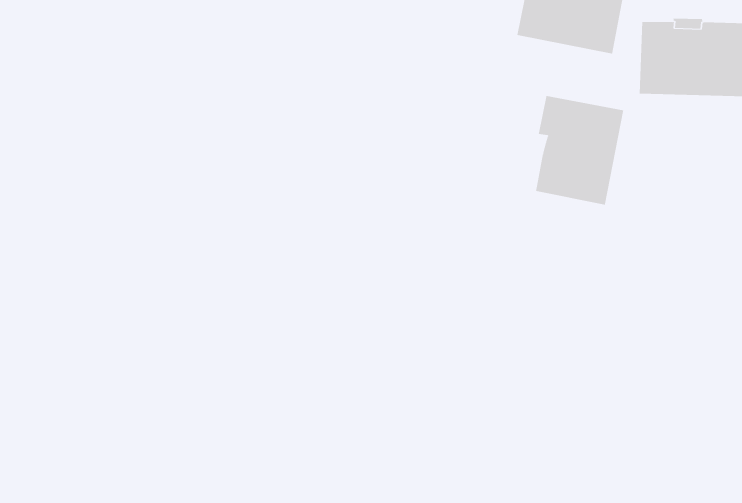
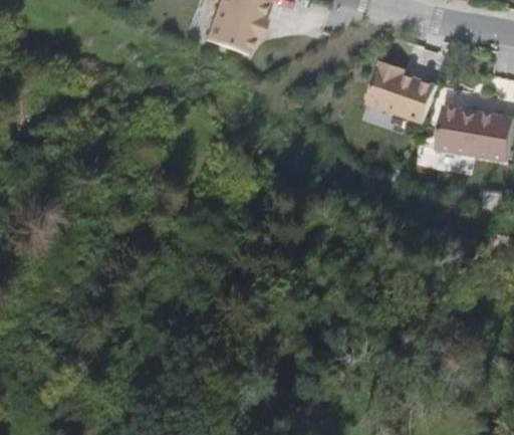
building: [535,95,624,206] -> none

